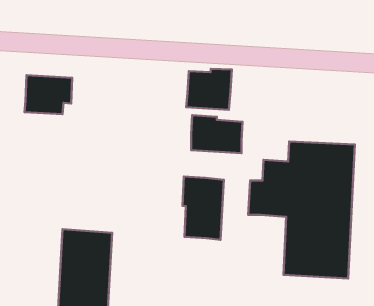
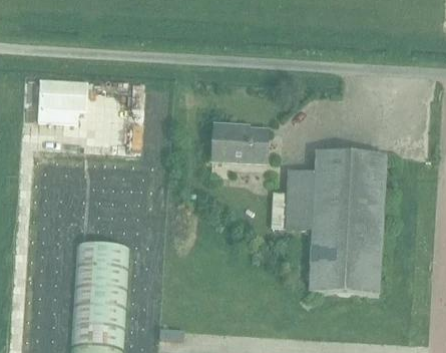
building: [186,69,232,110] -> none
building: [183,176,224,240] -> none

